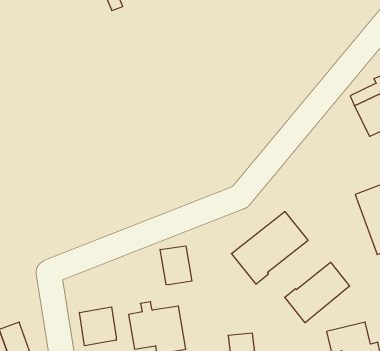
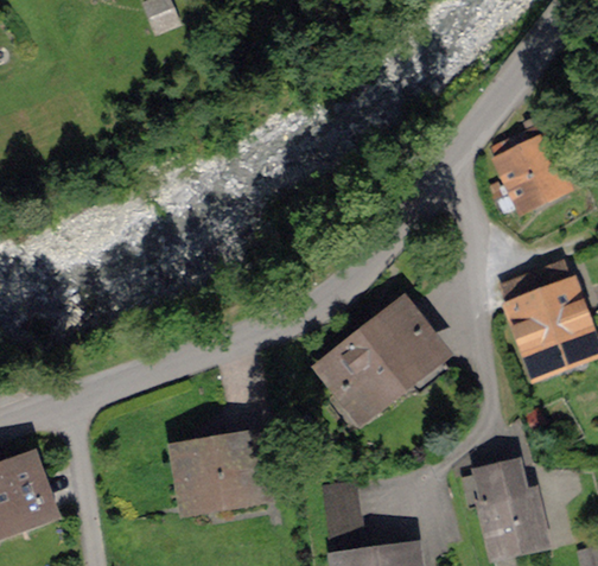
building: [160,246,192,285] -> none
building: [285,262,350,323] -> none
building: [79,307,116,346] -> none

